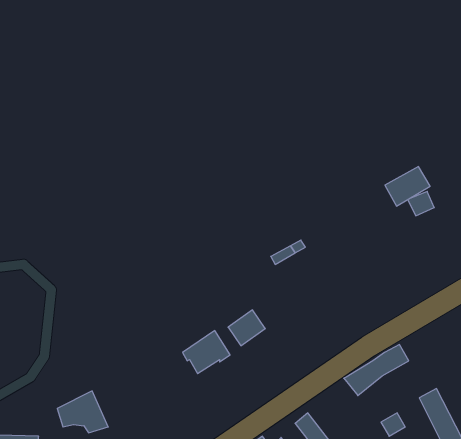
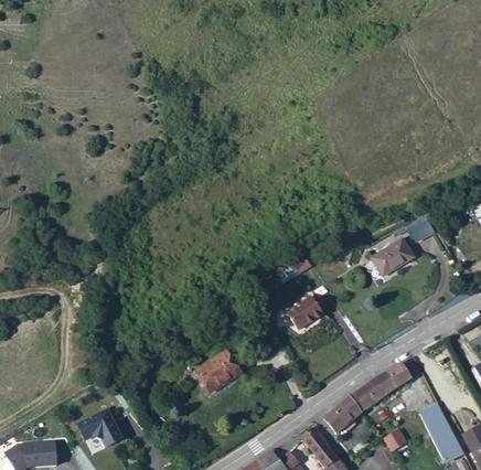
building: [385,167,430,206] -> [370,238,413,276]
building: [228,310,265,346] -> [289,301,324,335]
building: none -> [323,394,361,432]

